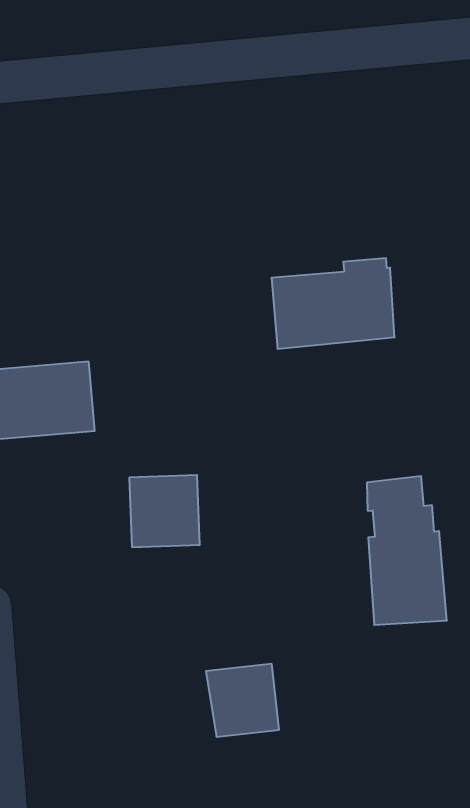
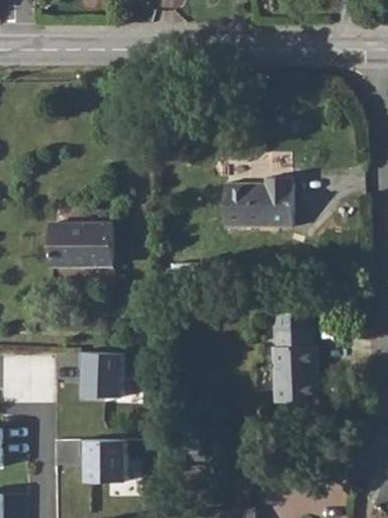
building: [129,475,200,547] -> [83,350,126,395]
building: [206,664,279,737] -> [85,439,126,481]

